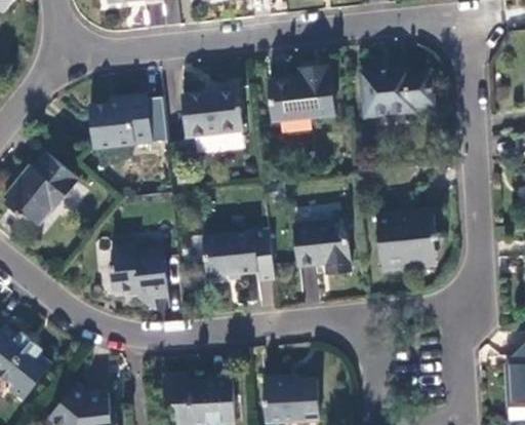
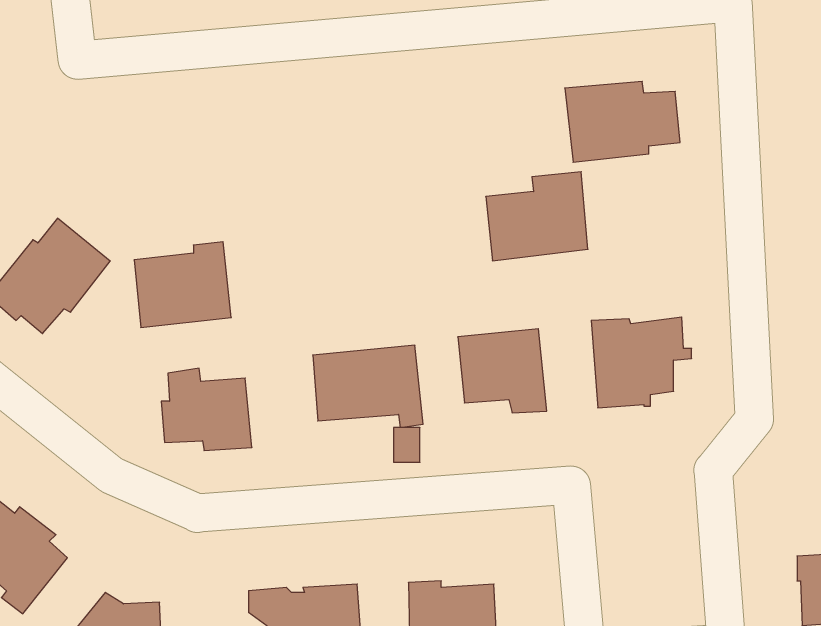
building: [269,68,332,123] -> [486,172,588,261]
building: [181,85,242,139] -> none
building: [90,95,151,149] -> [134,242,231,327]

